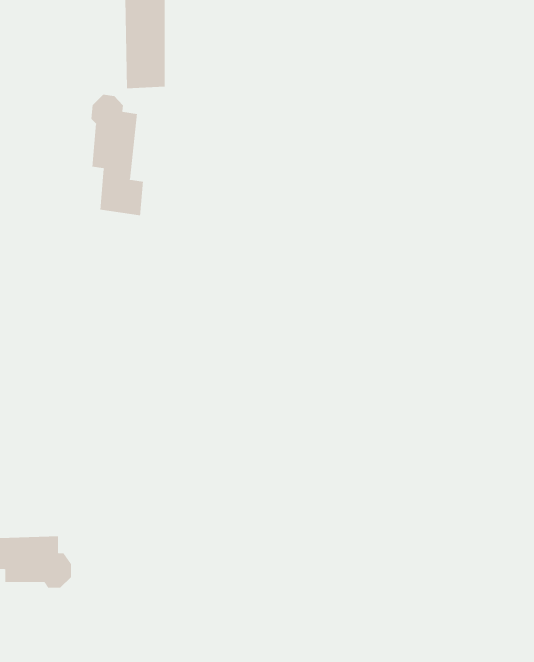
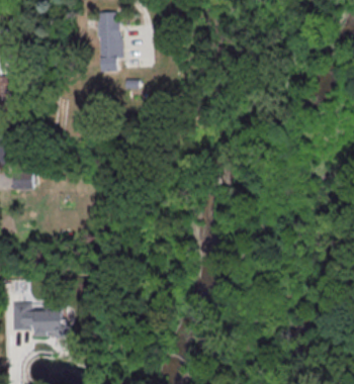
building: [91,94,143,216] -> none

